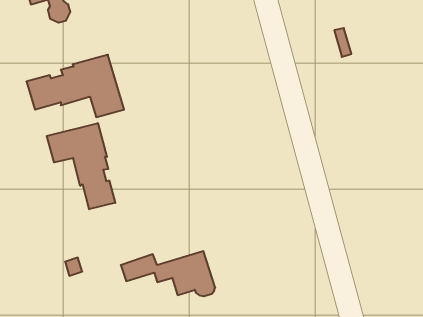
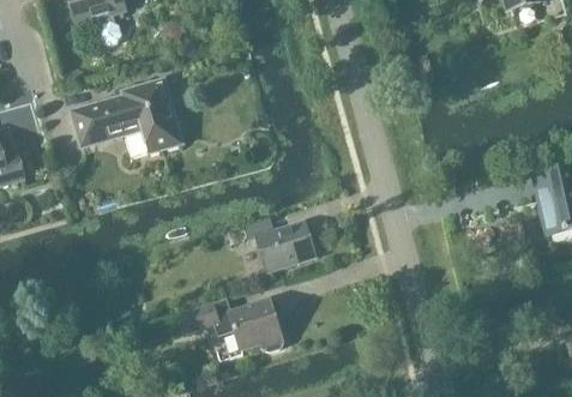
building: [47,123,115,209] -> none
building: none -> [243,216,315,270]

